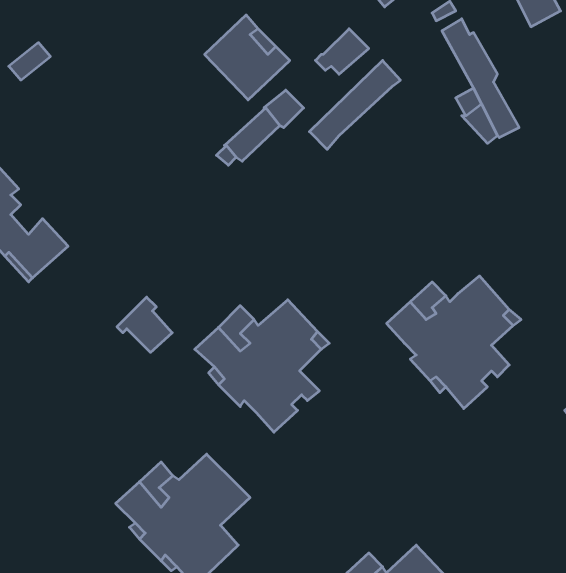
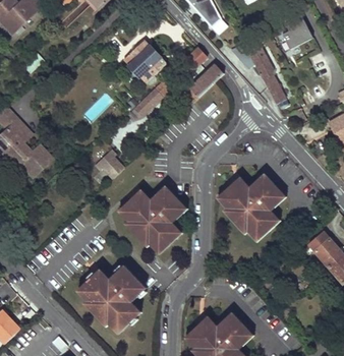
building: [117,297,172,352] -> [95,150,123,178]

